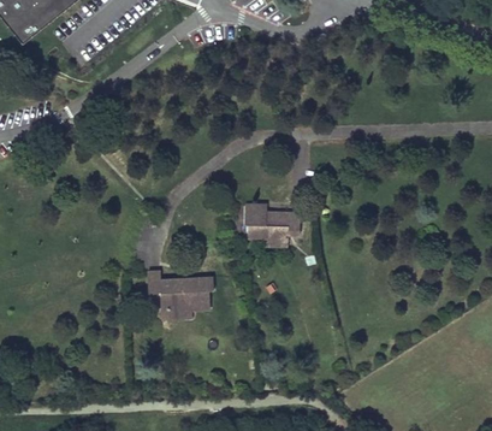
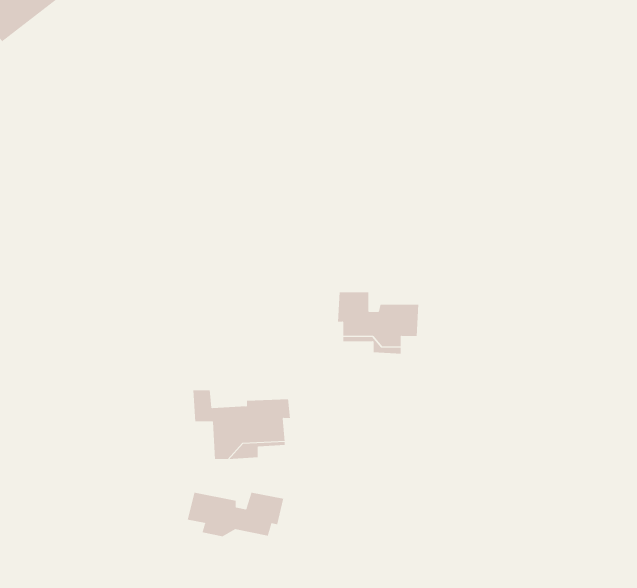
building: none -> [187,492,284,537]

